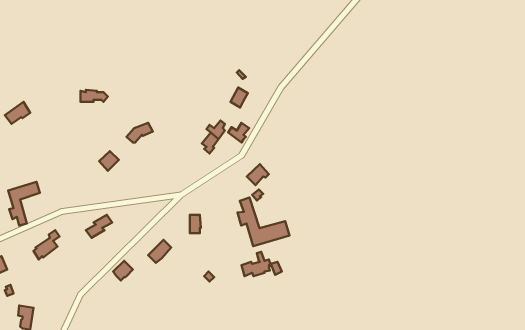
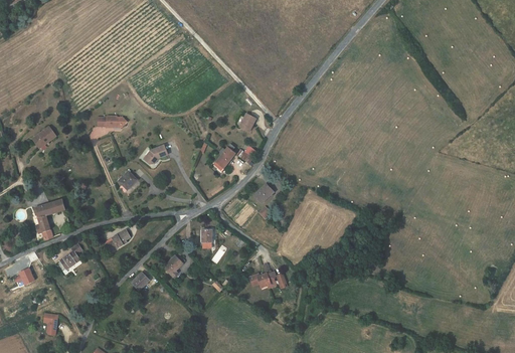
building: [238,198,289,246] -> none

